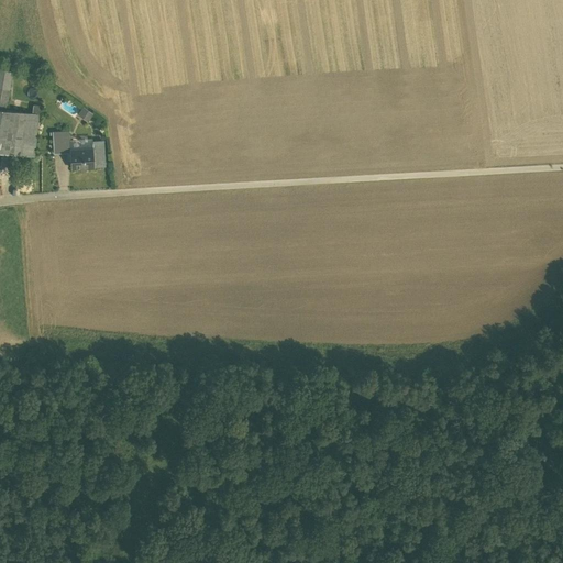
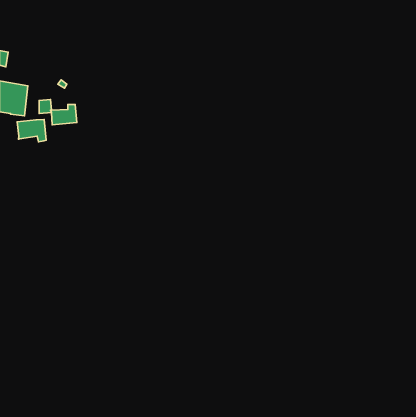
building: none -> [17,119,46,142]

